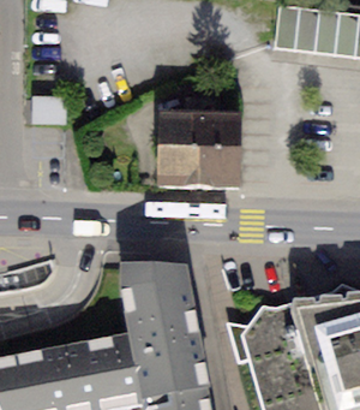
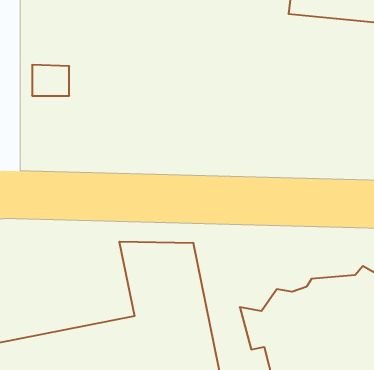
building: [158,111,241,188] -> none

